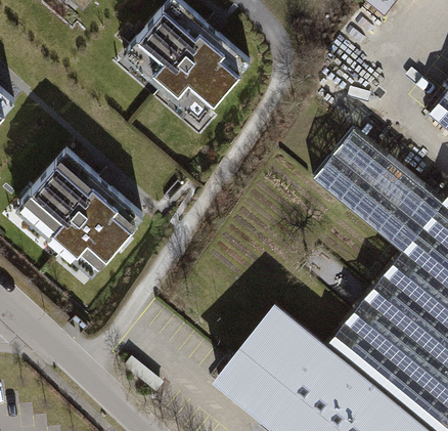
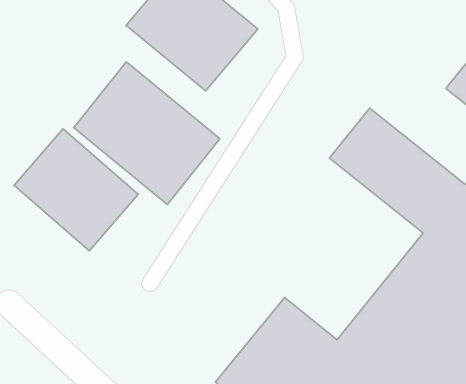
building: none -> [74,62,220,204]

